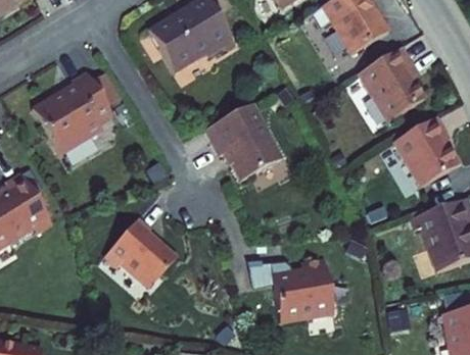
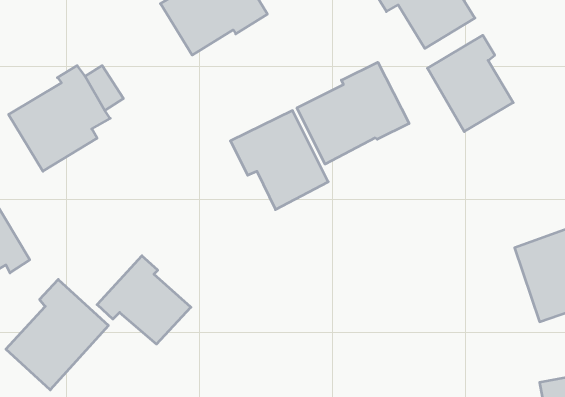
building: none -> [297,62,409,164]
building: [394,113,458,184] -> none
building: none -> [6,279,108,390]
building: [265,256,331,323] -> none

